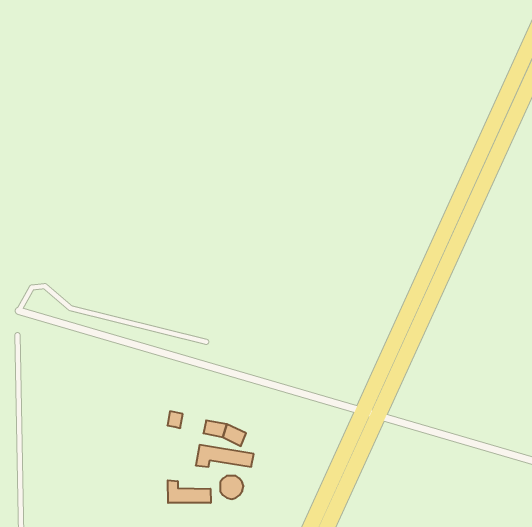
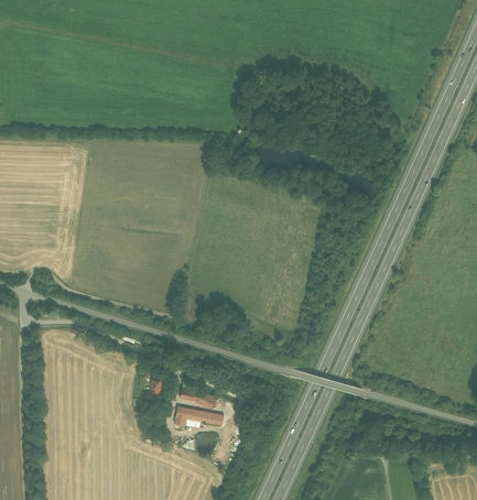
building: [168,480,211,503] -> none

